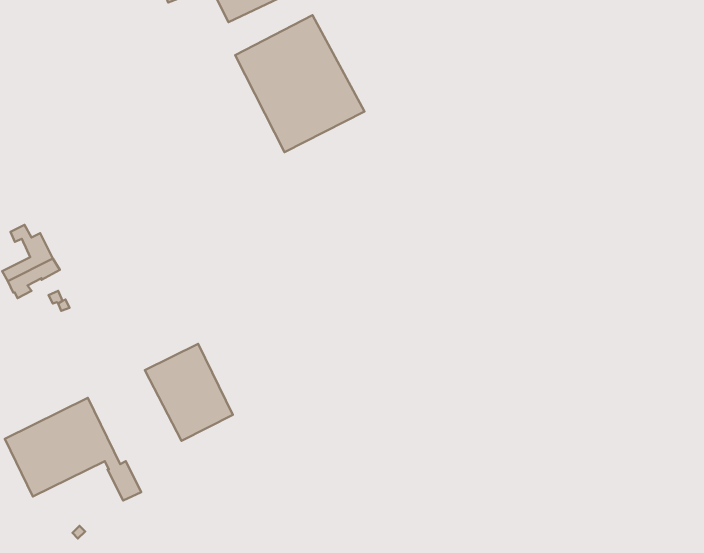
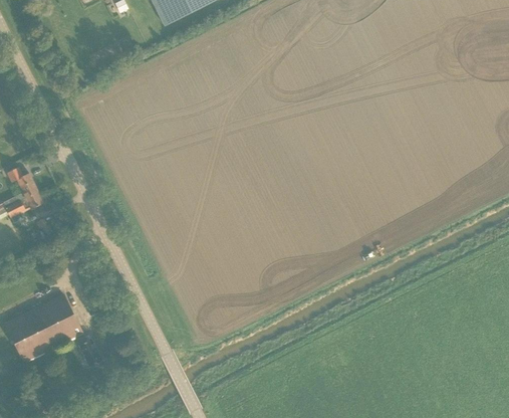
building: [235,15,364,152] -> none
building: [145,344,233,441] -> none

